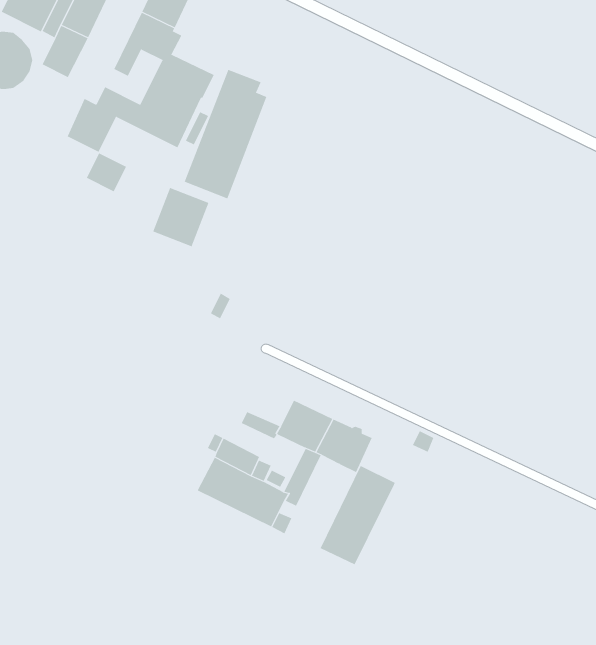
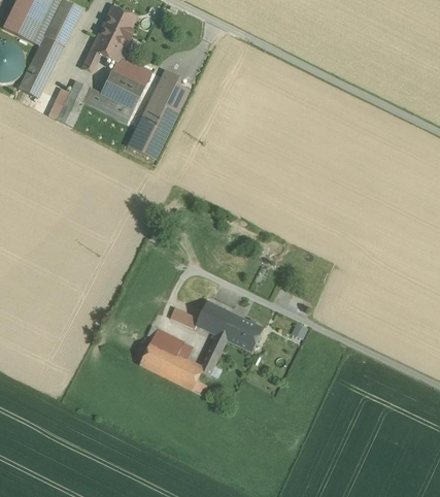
building: none -> [19,64,49,97]
building: [86,152,127,192] -> none
building: [152,187,209,247] -> none
building: [320,465,396,565] -> none

